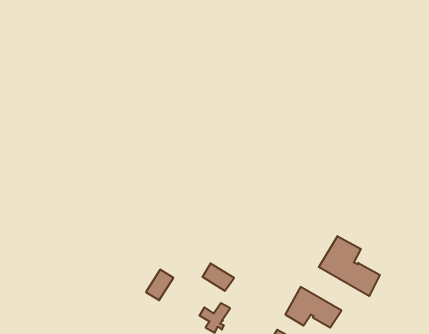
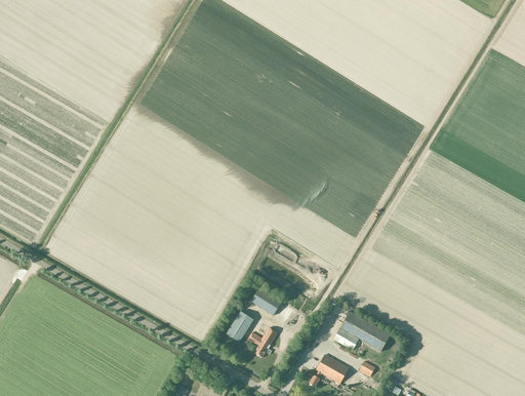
building: [319,236,380,296] -> none
building: [146,270,173,300] -> [226,311,253,342]

